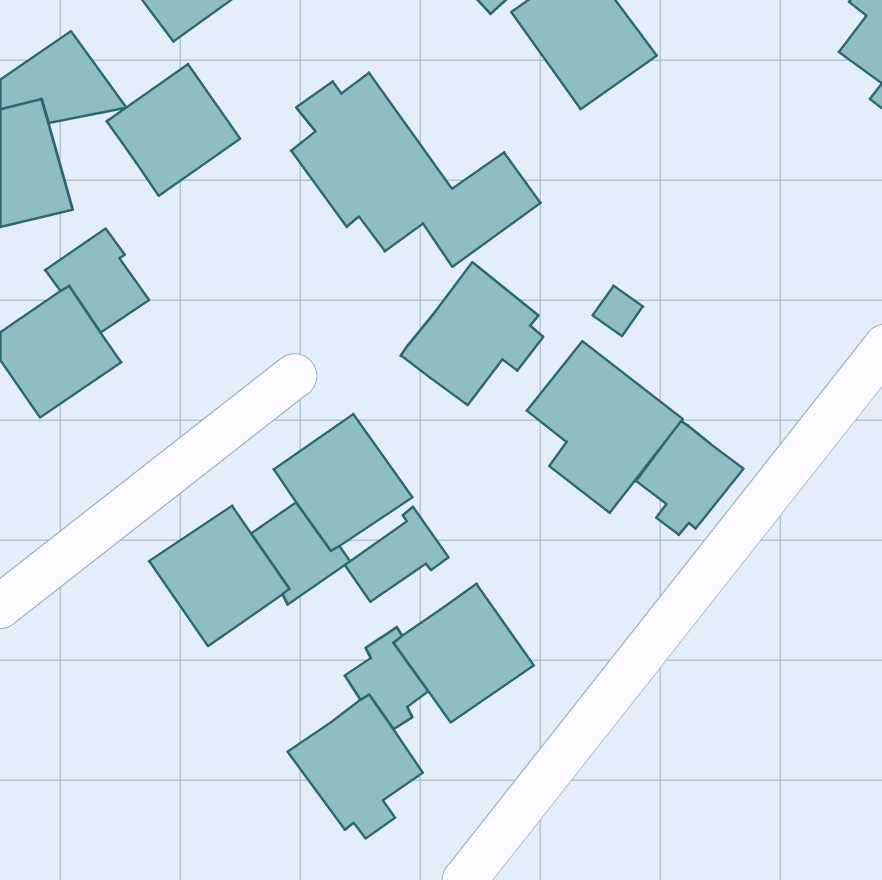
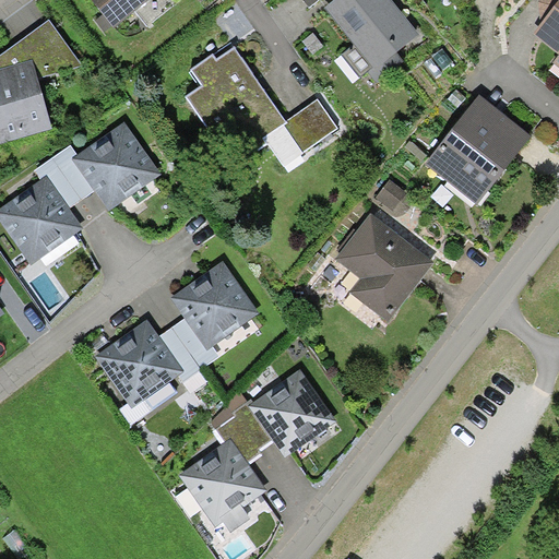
building: [107,64,240,196] -> [78,127,162,210]
building: none -> [421,95,530,205]
building: [401,262,543,405] -> none
building: [636,421,743,535] -> none
building: [345,507,448,602] -> none

